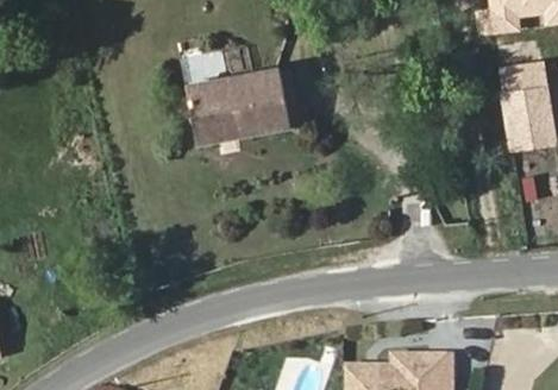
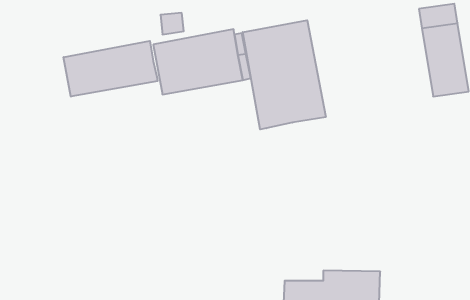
building: none -> [243,20,326,129]
building: none -> [64,41,158,97]

